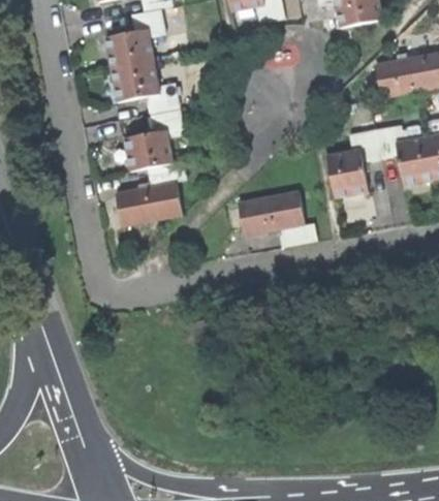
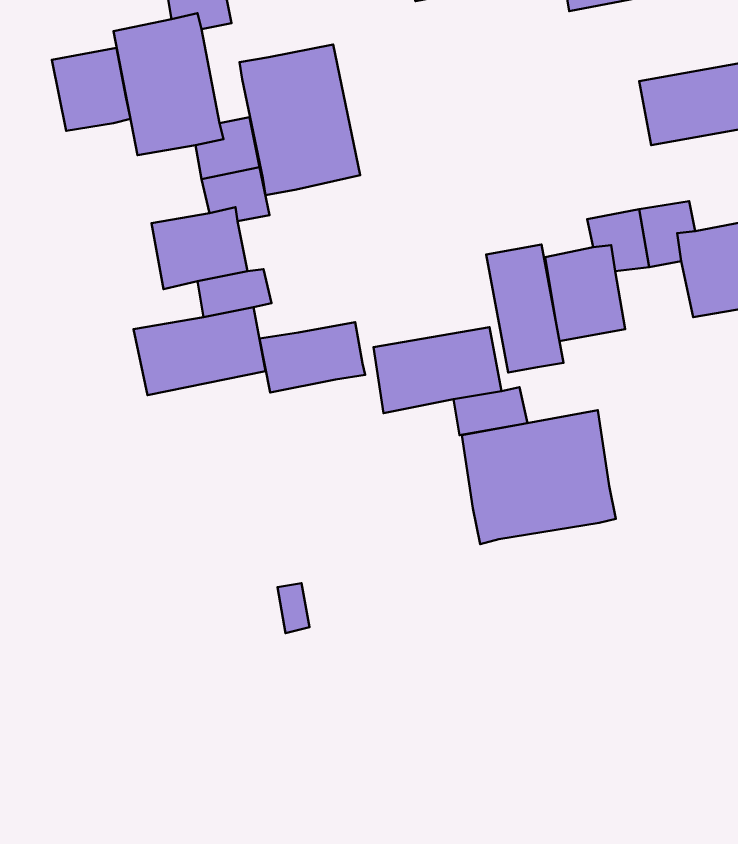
building: none -> [240,45,360,195]
building: none -> [52,48,131,131]
building: none -> [486,245,563,373]
building: none -> [259,322,365,393]
building: none -> [462,410,616,544]

